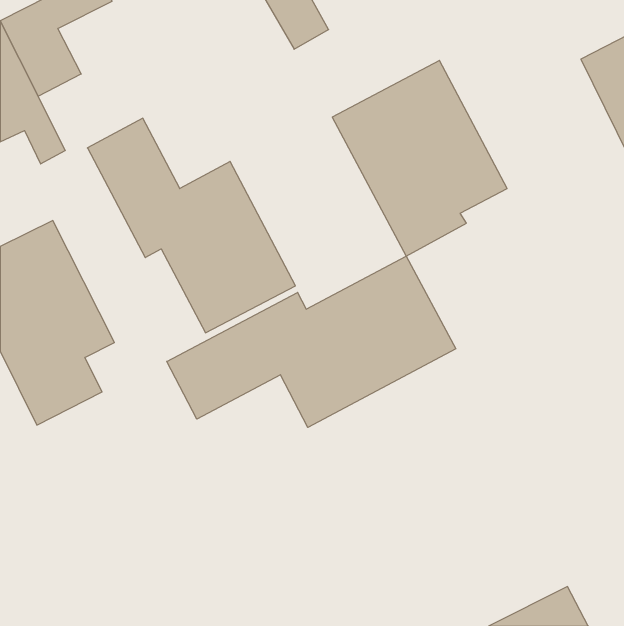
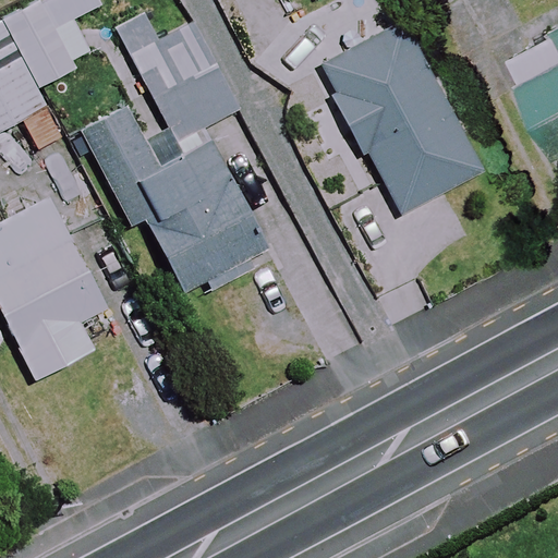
building: none -> [120,11,242,137]
building: [167,256,456,427] -> none

